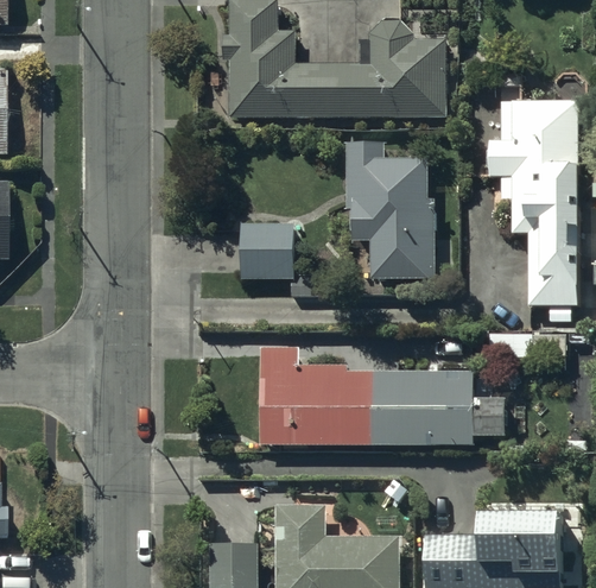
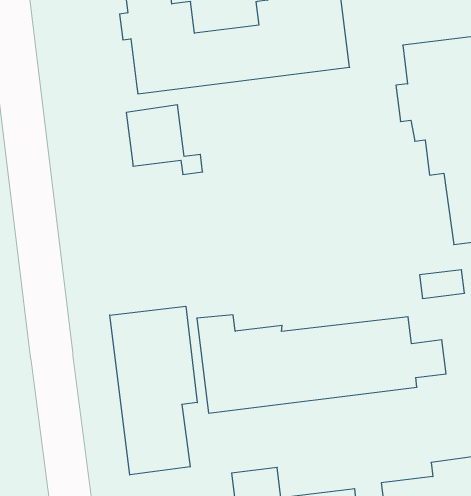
building: [348,144,444,278] -> none
building: [241,222,310,292] -> [126,105,203,174]
building: none -> [110,306,197,475]

